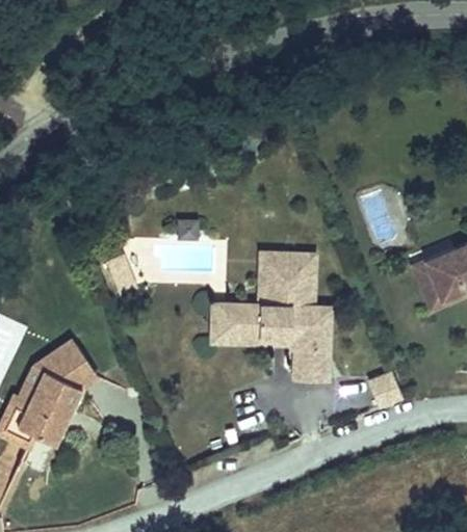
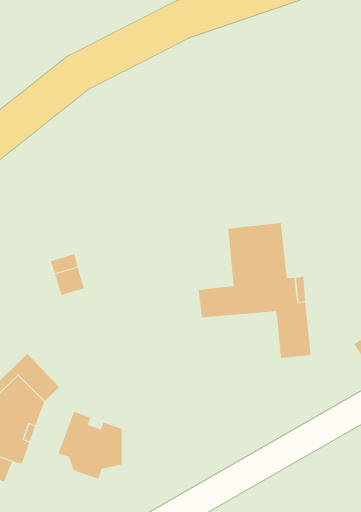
building: [216,305,302,346] -> none
building: none -> [58,411,122,480]

